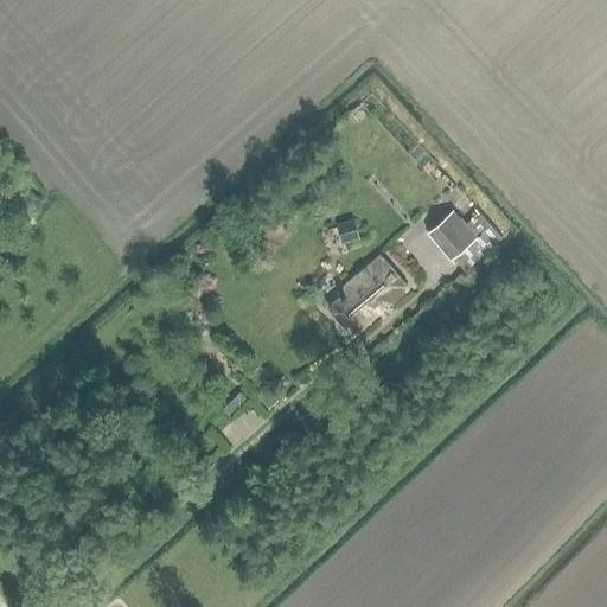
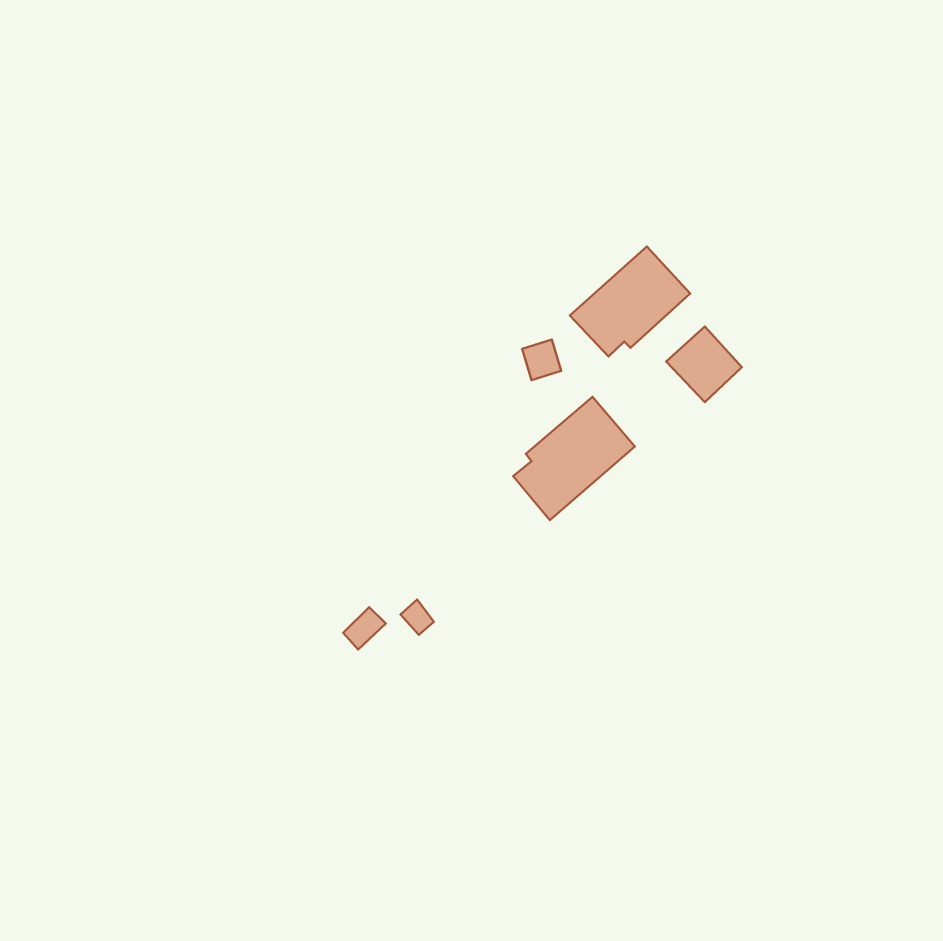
building: none -> [570,246,690,357]

